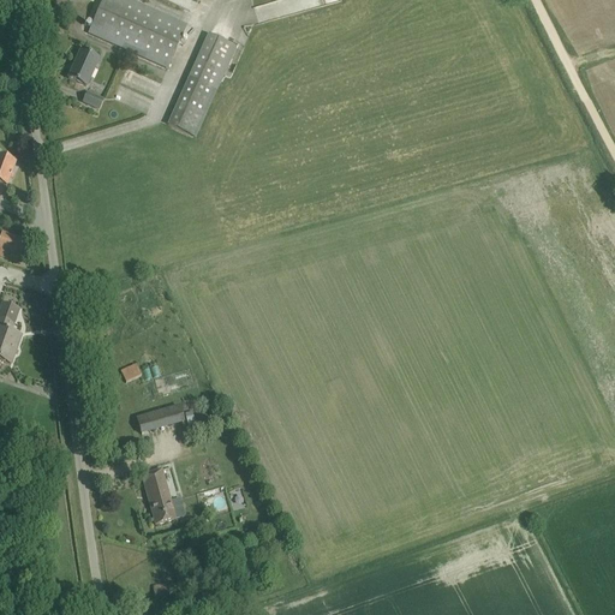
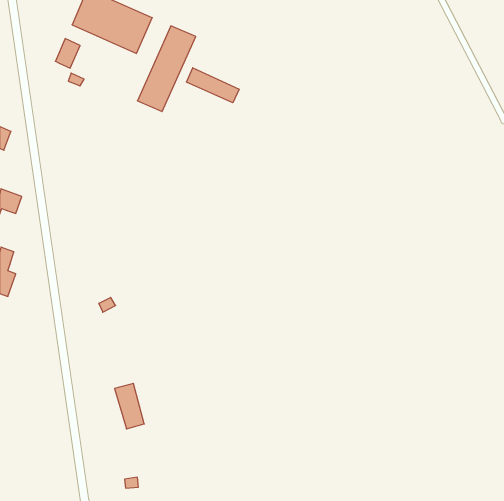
building: none -> [187,68,239,103]
building: [133,400,183,430] -> none

